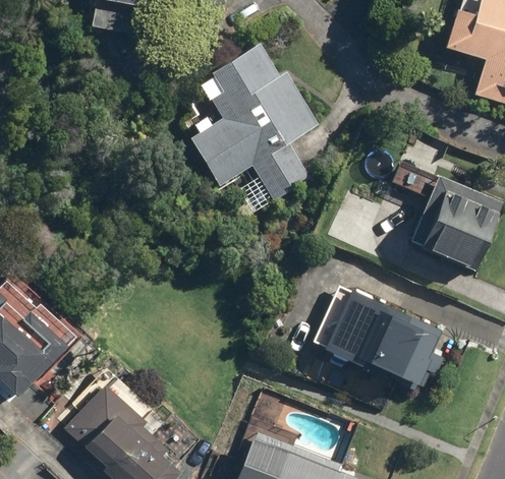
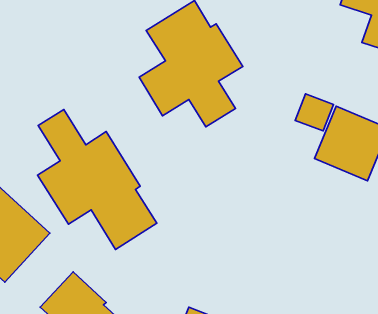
building: none -> [38,110,157,249]
building: [312,285,443,391] -> none

